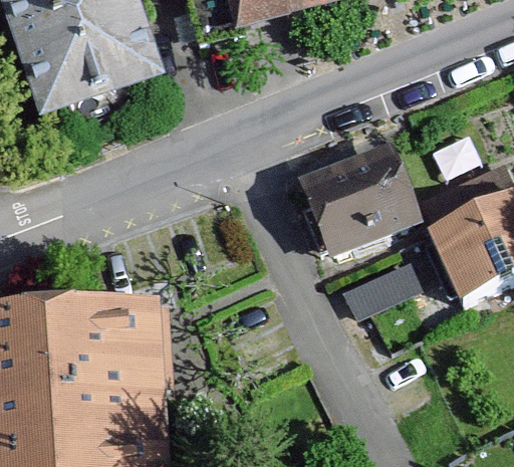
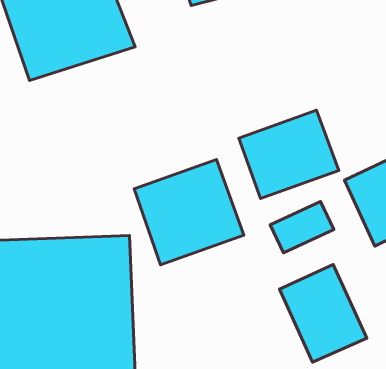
building: none -> [134,160,244,265]
building: none -> [279,264,367,362]

